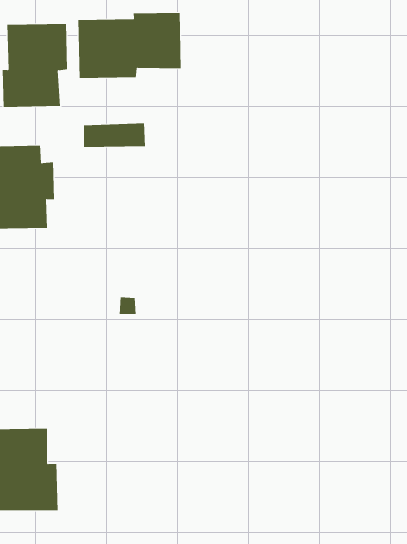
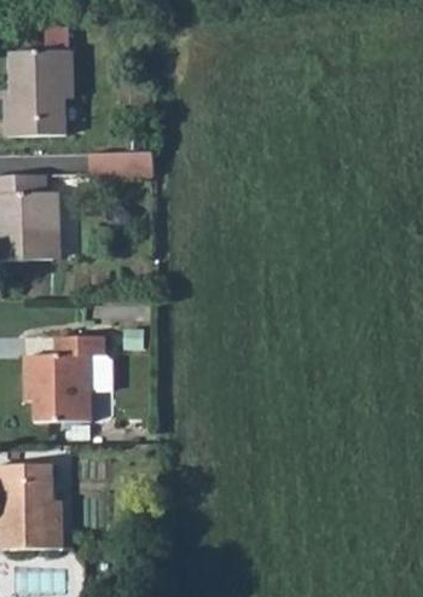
building: [78,12,181,79] -> none
building: none -> [24,336,111,421]

